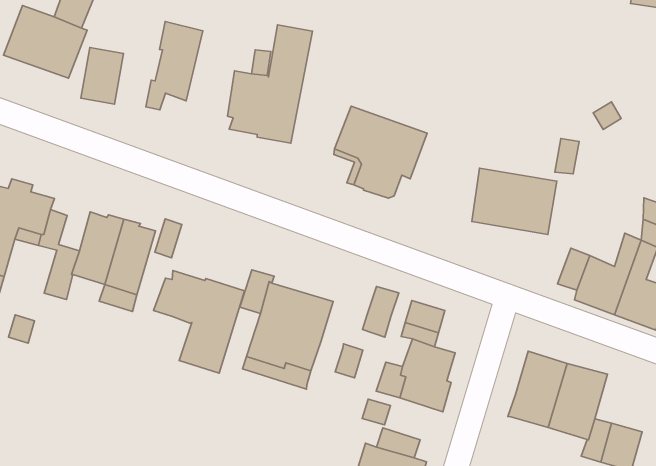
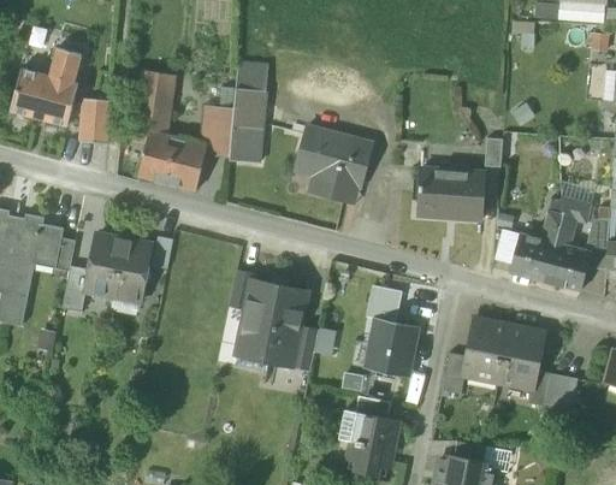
building: none -> [138,130,208,191]
building: [153,271,244,373] -> none
building: [363,287,399,337] -> [291,327,319,369]
building: none -> [442,353,468,395]

